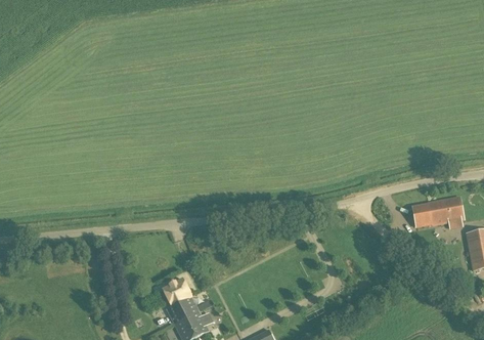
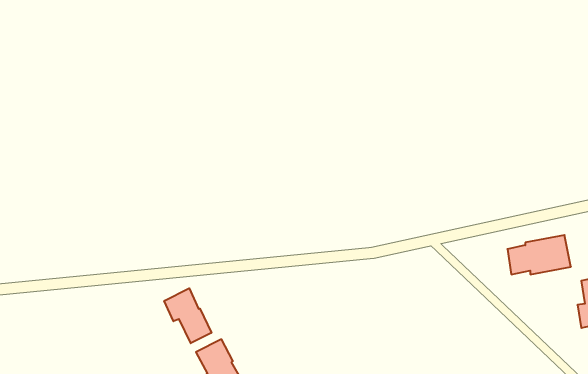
building: none -> [164,288,211,343]

